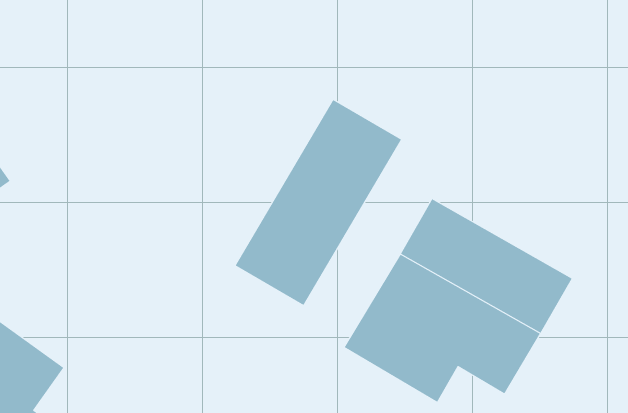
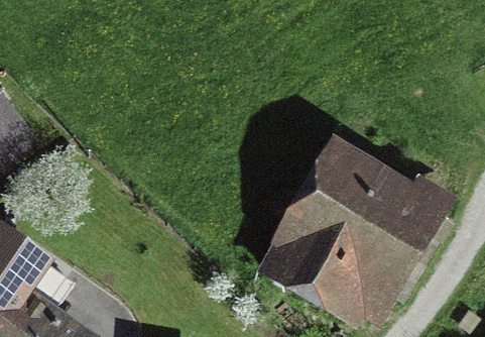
building: [235,99,402,306] -> none

